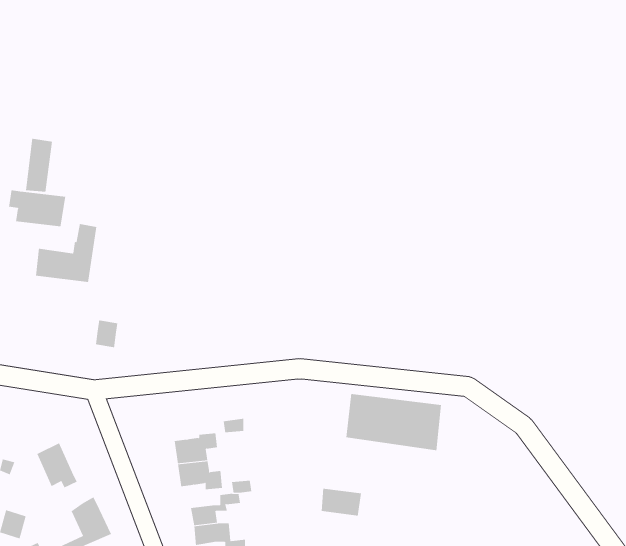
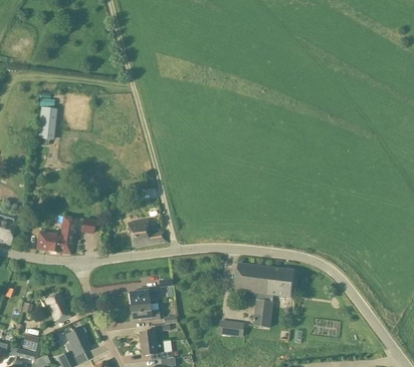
building: [8,189,66,227] -> none
building: [35,224,97,283] -> [37,217,75,253]
building: none -> [129,219,166,247]
building: none -> [253,295,274,328]

